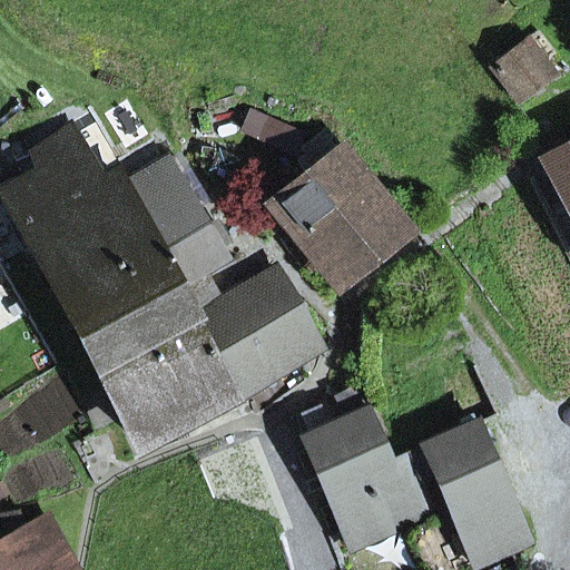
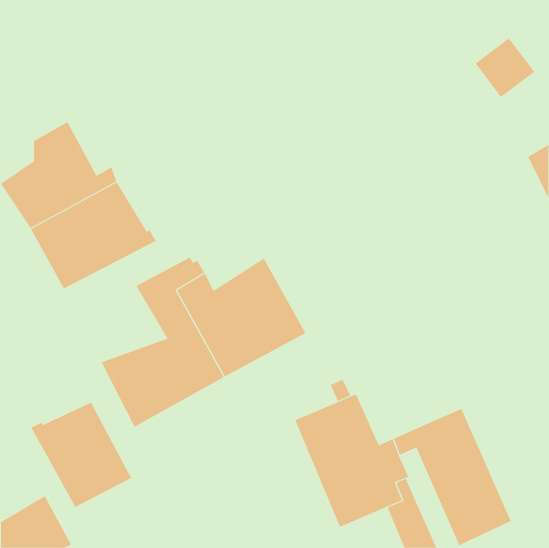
building: [258,146,411,284] -> none
building: [66,166,218,375] -> none
building: none -> [30,402,132,508]

